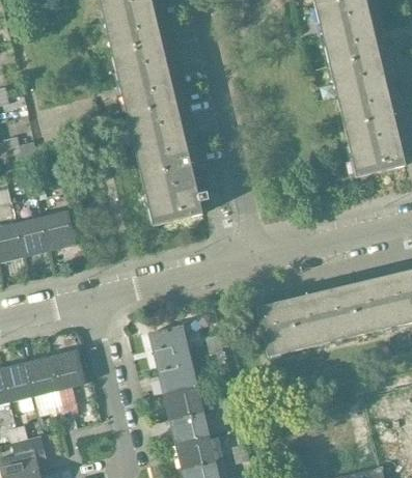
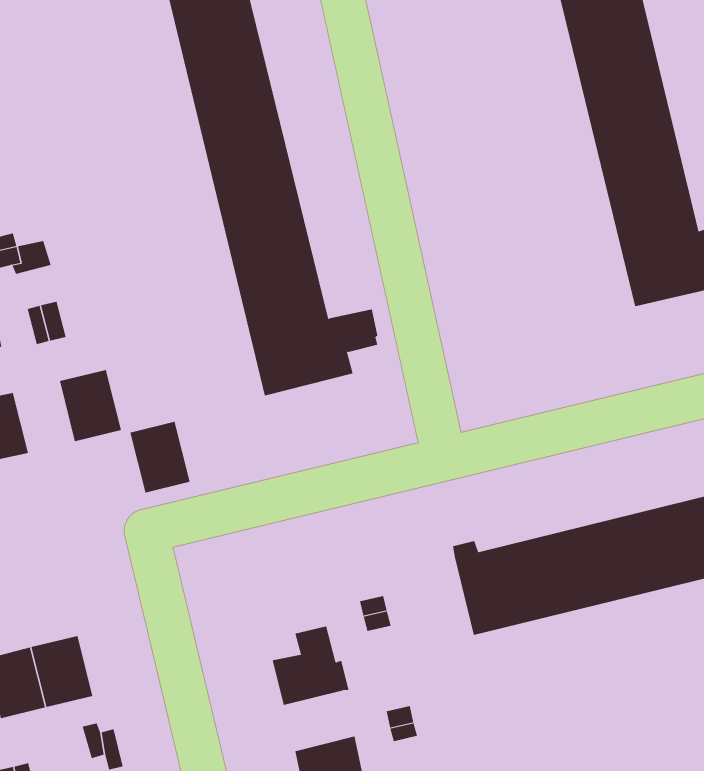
building: [19,216,52,255] -> [130,421,190,493]
building: [152,322,192,368] -> none
building: [54,348,86,388] -> none
building: [166,385,205,418] -> none

